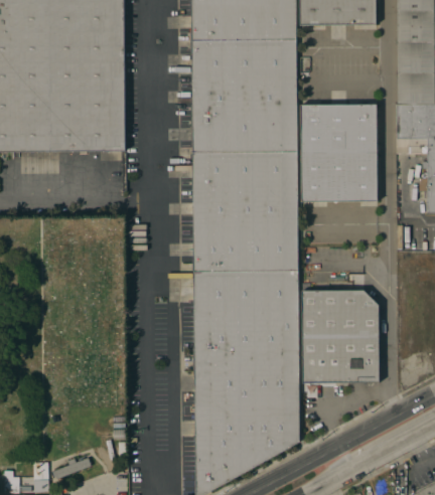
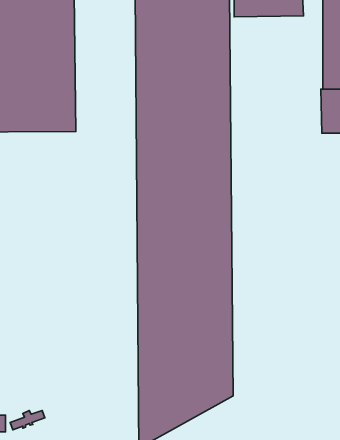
building: [301,105,378,202] -> none
building: [302,290,380,383] -> none

